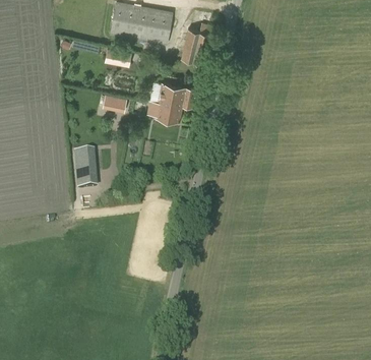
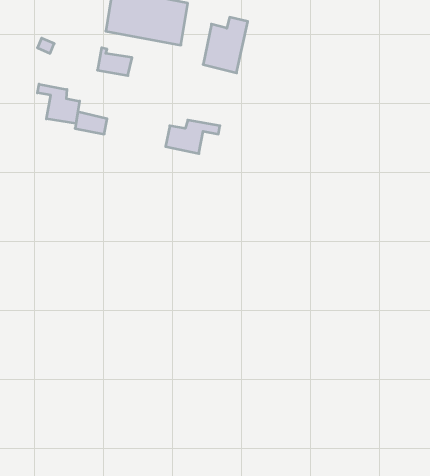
building: none -> [37,84,80,123]
building: [158,81,196,103] -> none
building: [73,147,95,186] -> none

